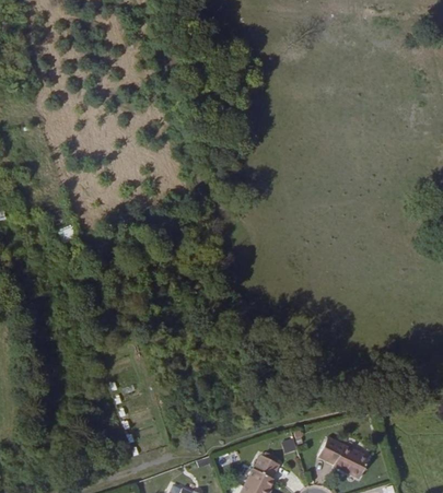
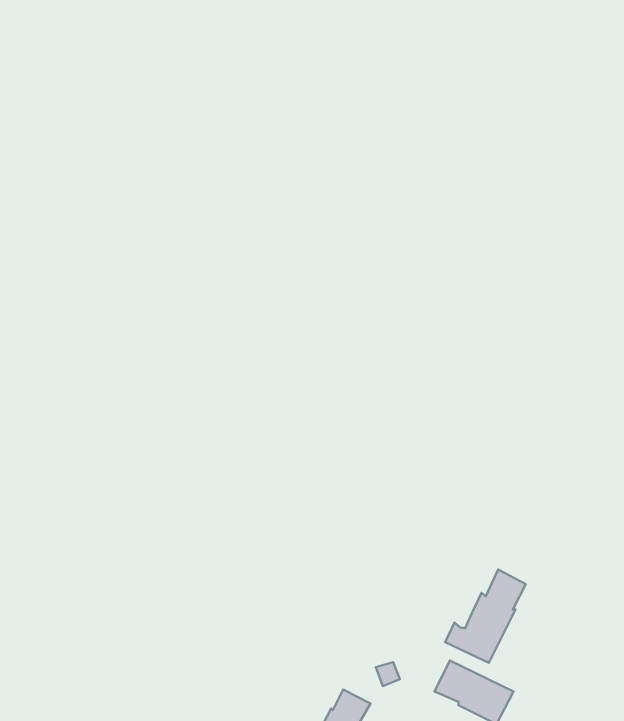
building: none -> [445,569,526,663]

